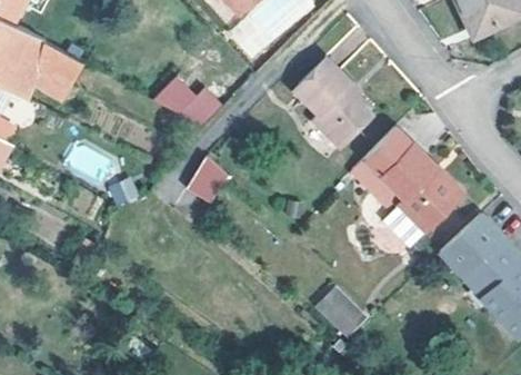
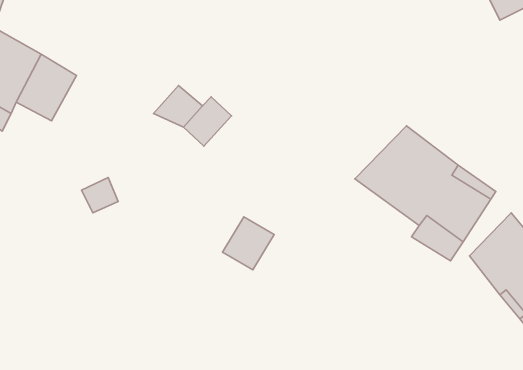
building: [293,59,369,141] -> none
building: [182,154,228,200] -> [223,217,274,270]
building: [310,280,364,335] -> none

